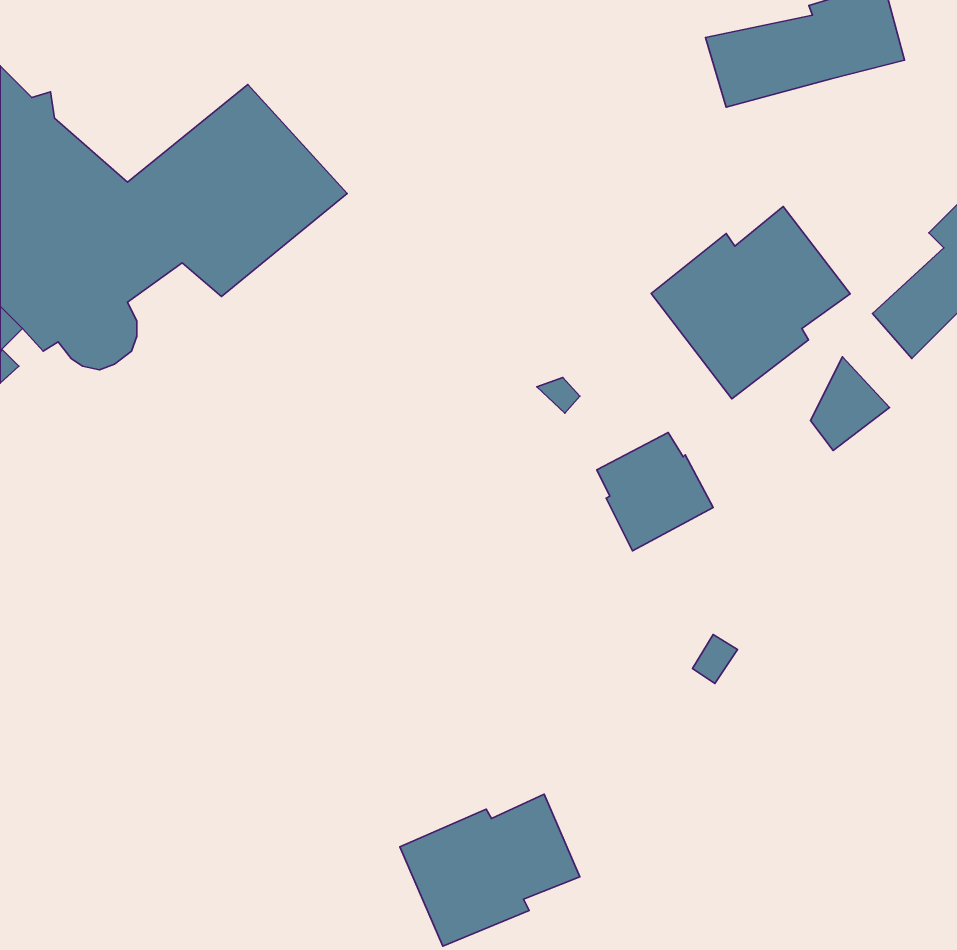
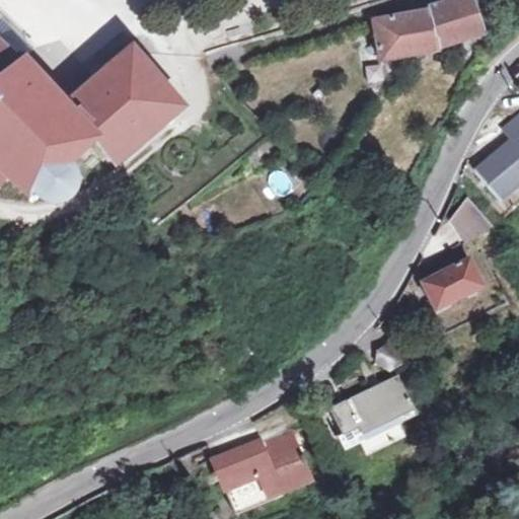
building: [651,207,850,399] -> none
building: [597,432,713,551] -> [415,247,477,311]
building: none -> [330,373,413,442]

